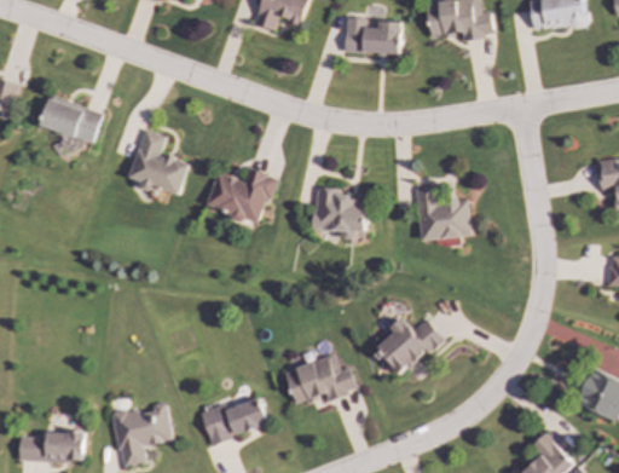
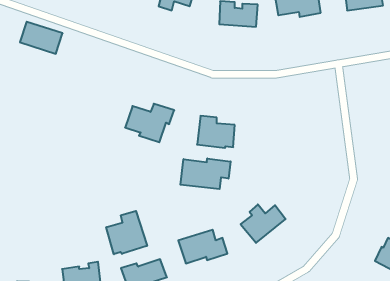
building: [39,96,102,143] -> [20,22,63,54]
building: [128,128,187,194] -> none
building: [416,188,472,241] -> none
building: none -> [180,158,231,189]
building: none -> [106,211,147,254]

